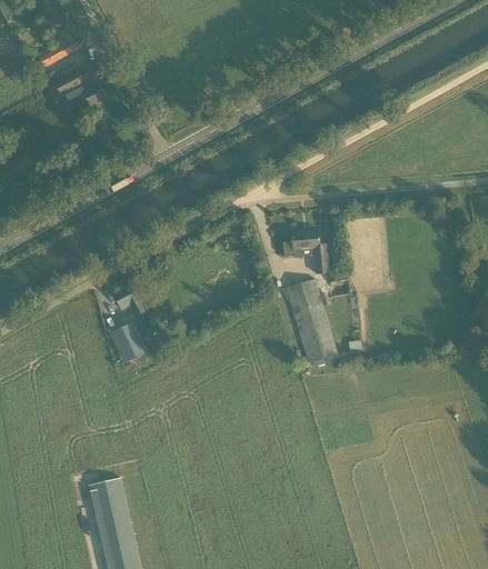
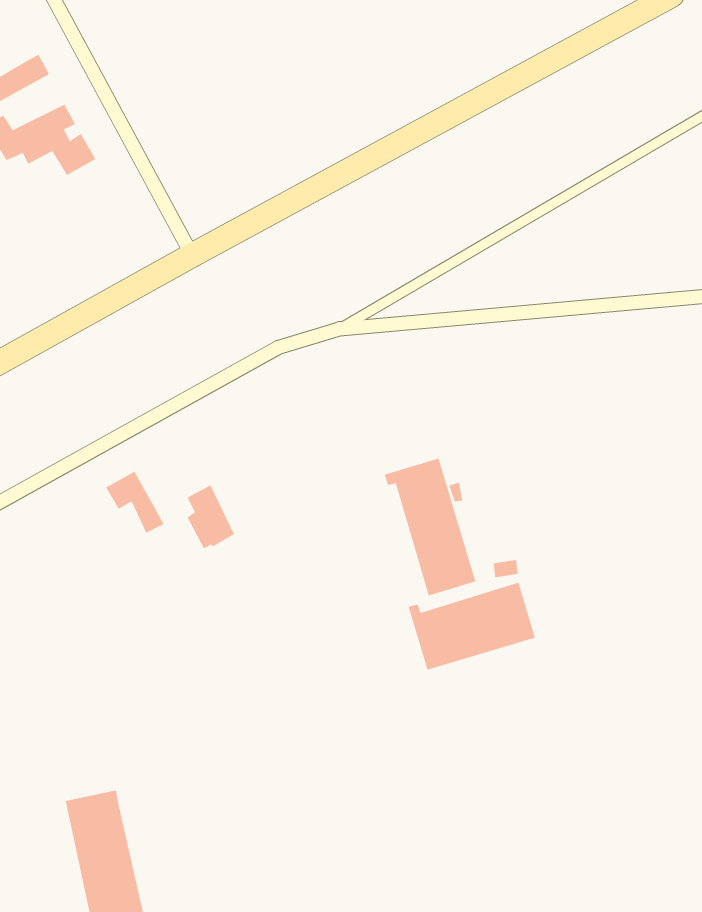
building: [282,231,328,274] -> none
building: [118,322,147,361] -> [187,484,235,549]
building: none -> [408,582,535,671]

